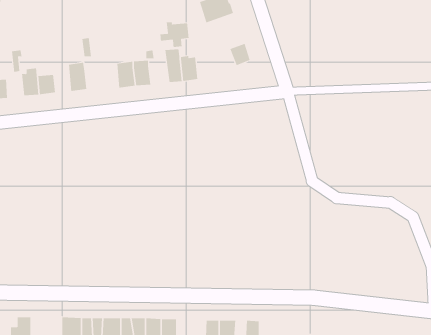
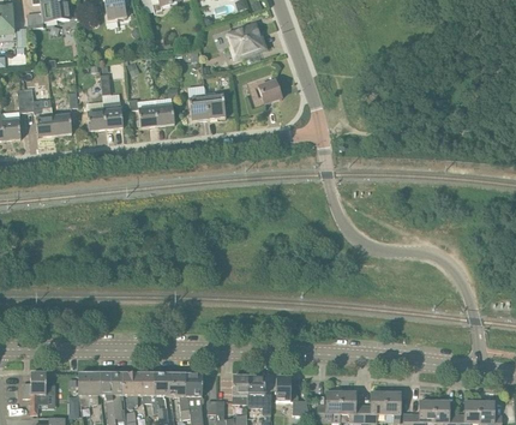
building: [160,21,189,48] -> none
building: none -> [102,98,122,128]

